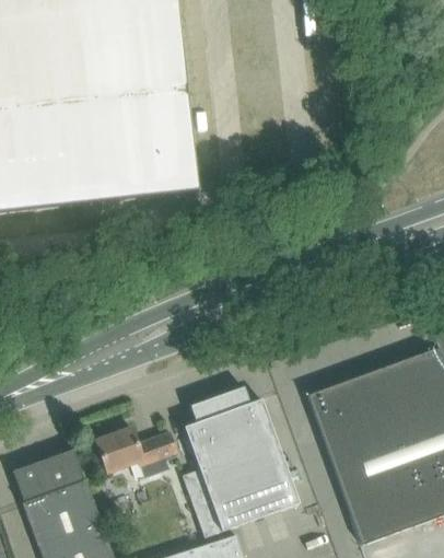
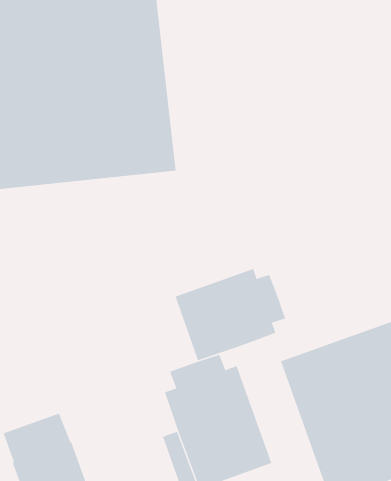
building: none -> [175,268,286,361]
building: [95,427,176,477] -> none

